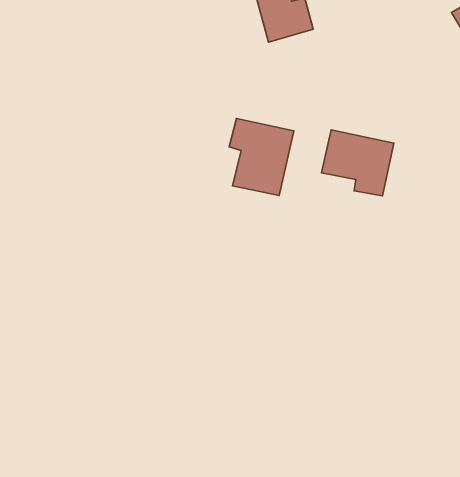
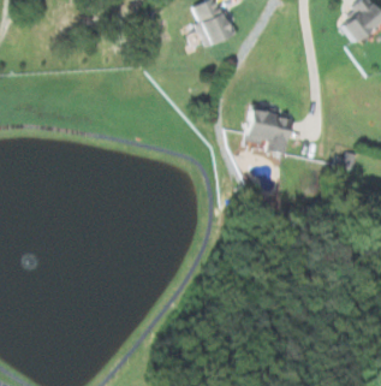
building: [229,118,294,196] -> none

